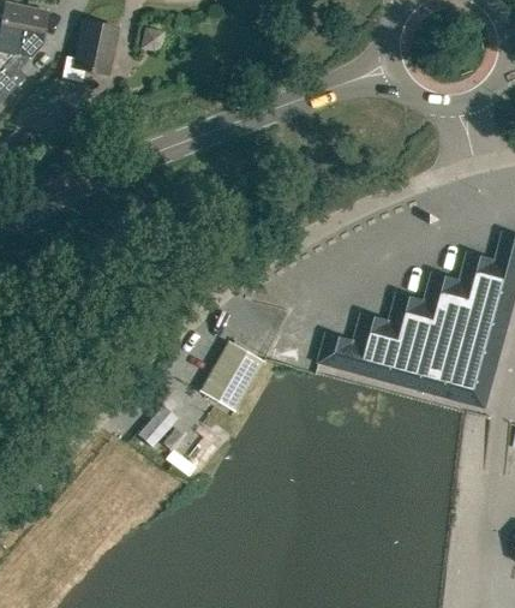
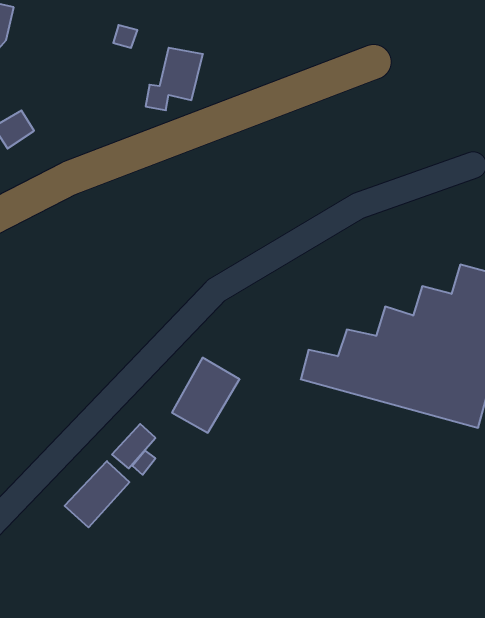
building: [64,20,118,79] -> [146,48,203,110]
building: none -> [65,461,129,527]

